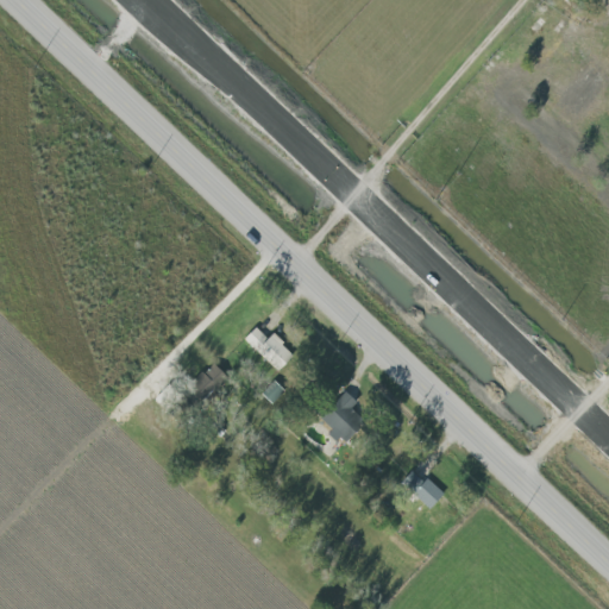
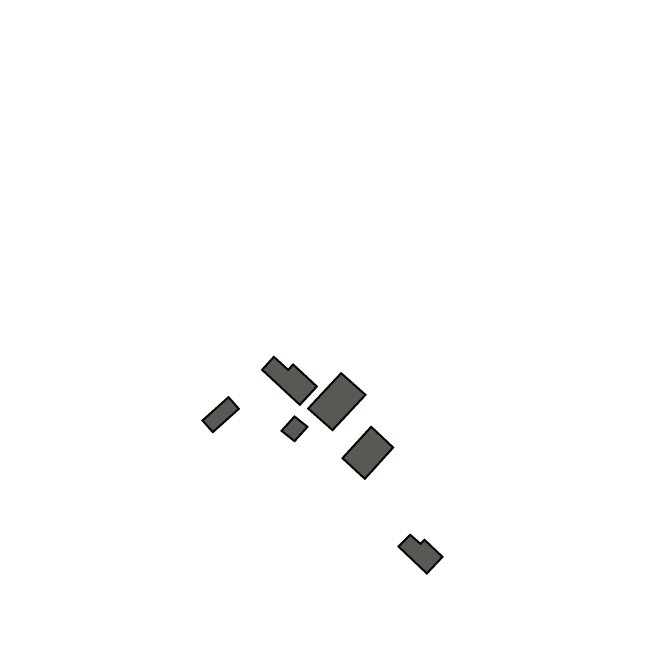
building: none -> [308,373,365,430]
building: [404,473,445,509] -> [398,535,443,574]

